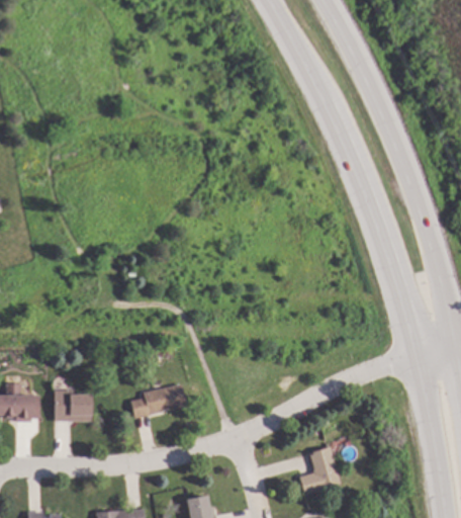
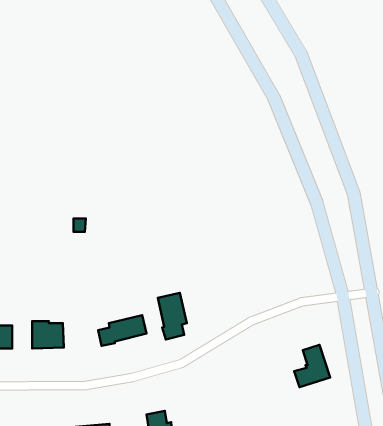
building: none -> [158,293,187,339]
building: [298,446,340,495] -> [294,345,330,387]

